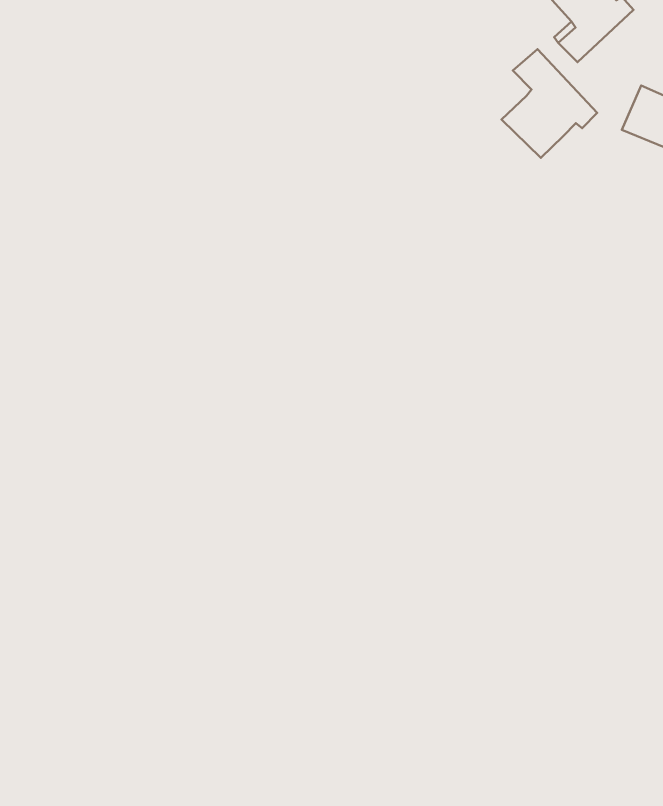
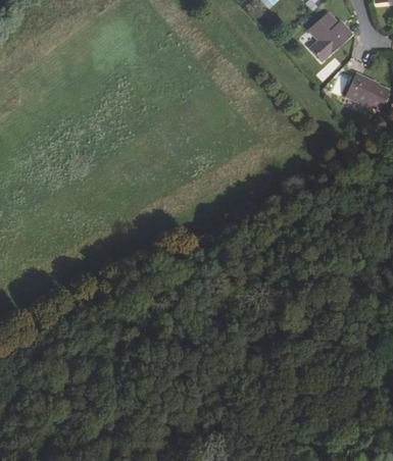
building: [502,49,597,158] -> none

